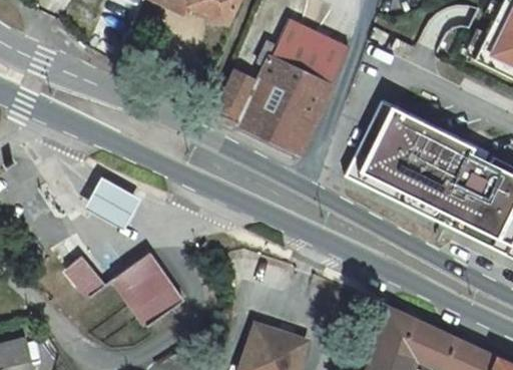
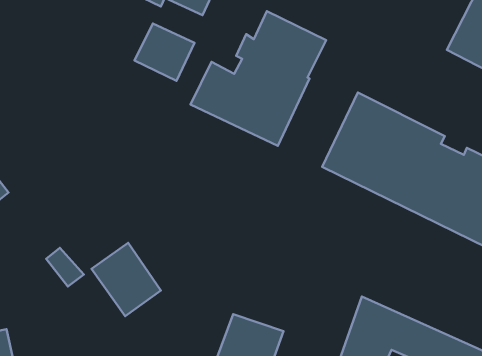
building: none -> [135,23,195,81]
building: [88,177,145,230] -> none

